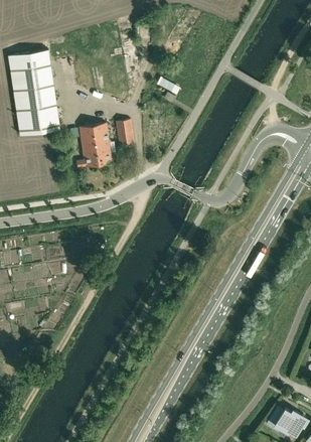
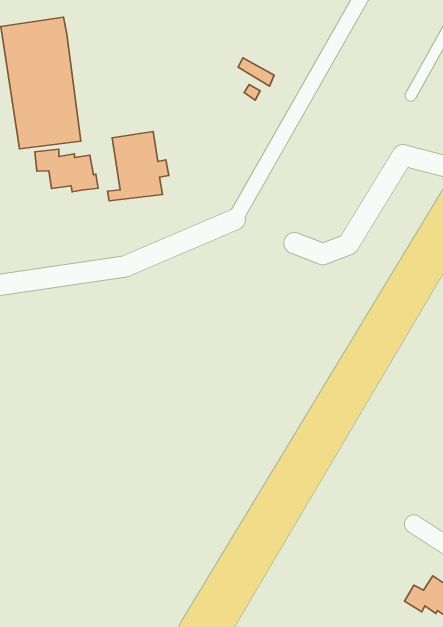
building: [115,119,134,145] -> none
building: none -> [35,149,98,192]

